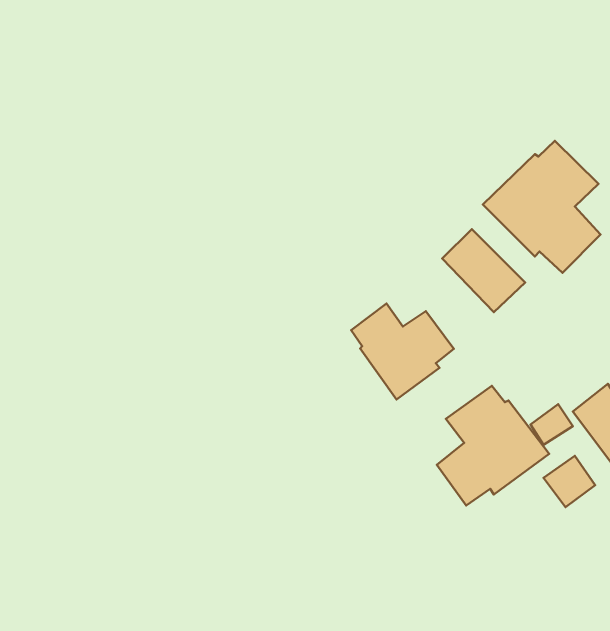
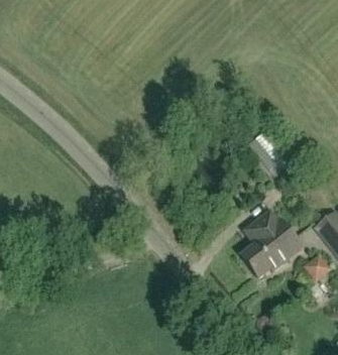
building: [483,141,601,273] -> none
building: [351,303,454,400] -> none

